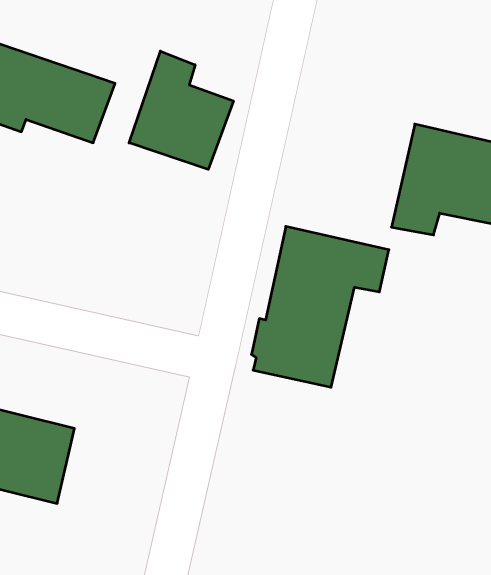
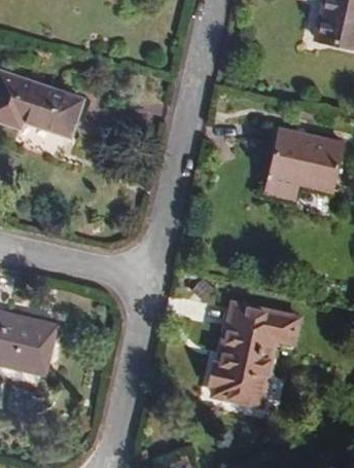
building: [129,51,233,169] -> none
building: [251,226,389,387] -> [209,301,299,407]

